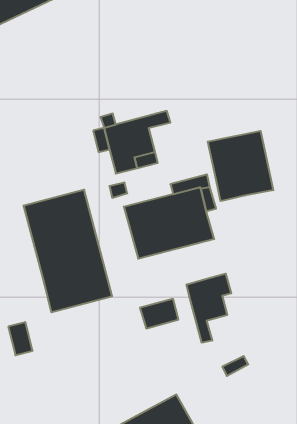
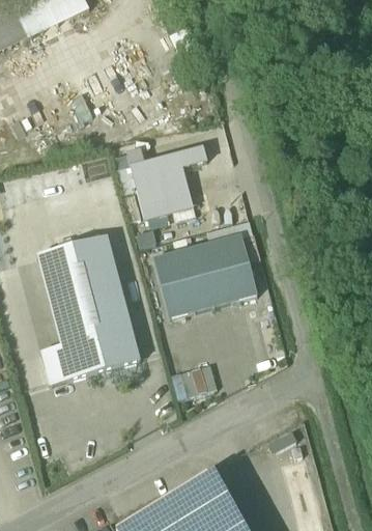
building: [208,131,273,201] -> none
building: [187,274,231,343] -> none
building: [8,322,33,355] -> [40,345,68,384]

